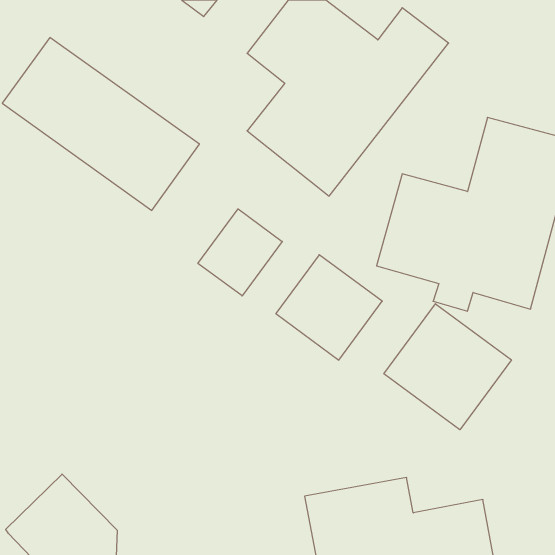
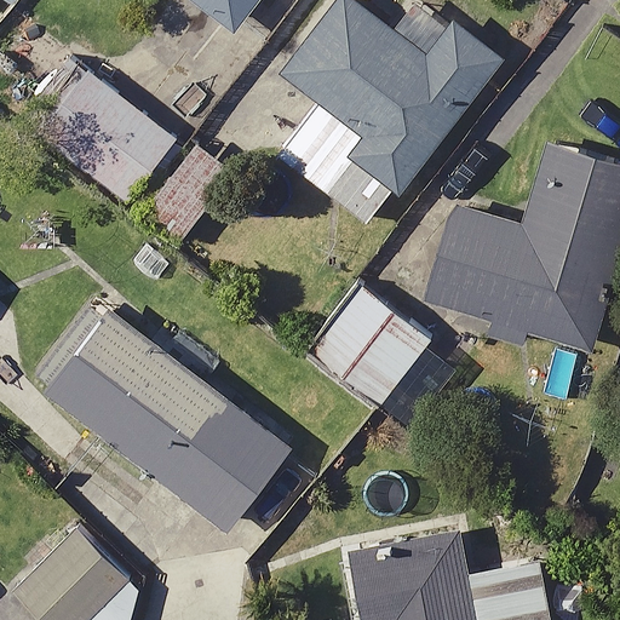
building: [198,209,282,296] -> none
building: none -> [39,302,291,529]
building: [384,304,511,430] -> none

